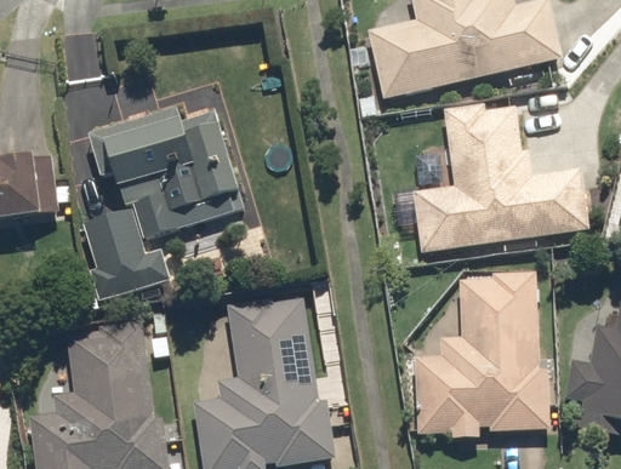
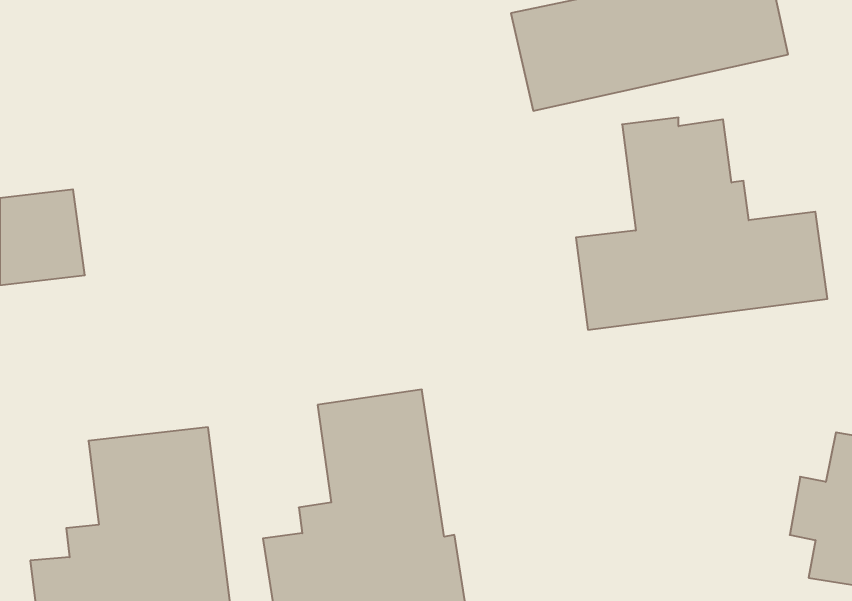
building: [73,105,246,305] -> none
building: [412,269,547,436] -> none

